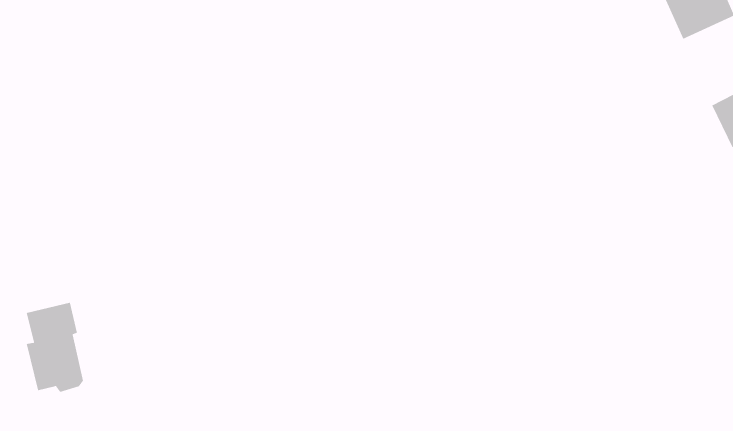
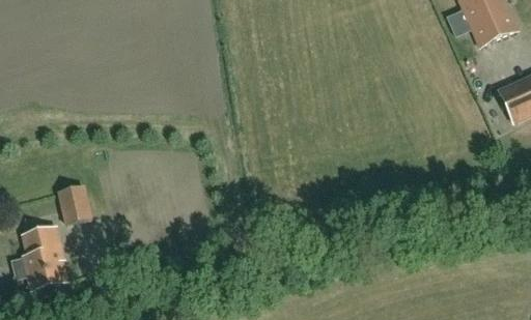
building: none -> [58,184,90,223]

